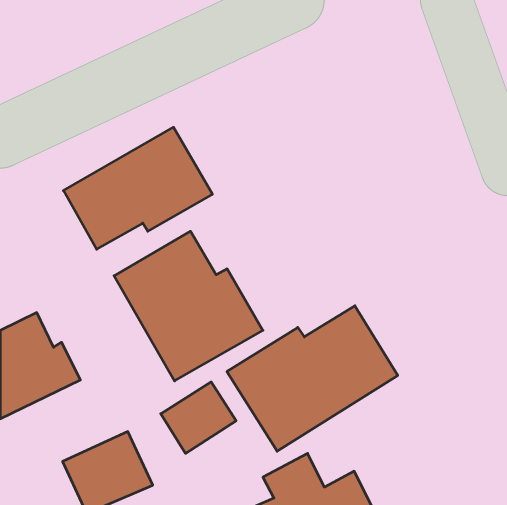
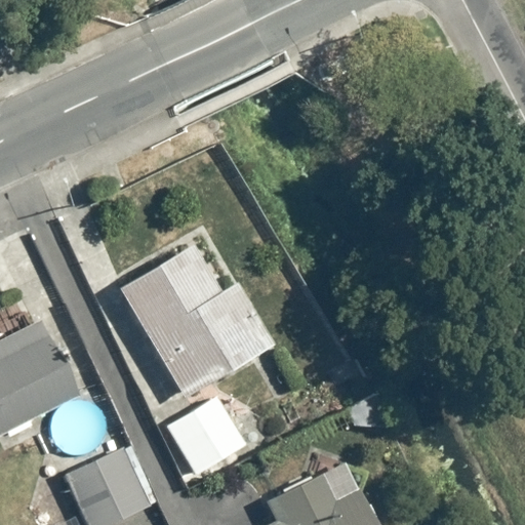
building: [63,127,212,249] -> none
building: [227,306,398,451] -> none

